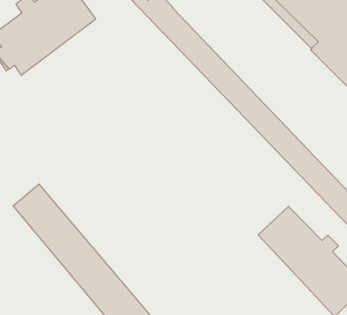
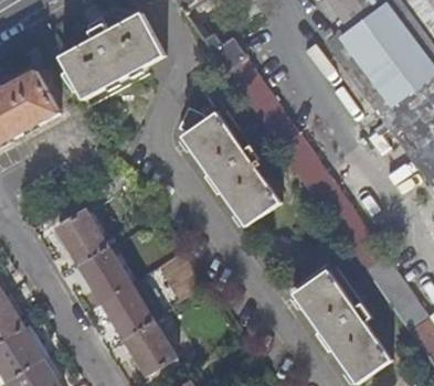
building: none -> [180,107,286,226]

